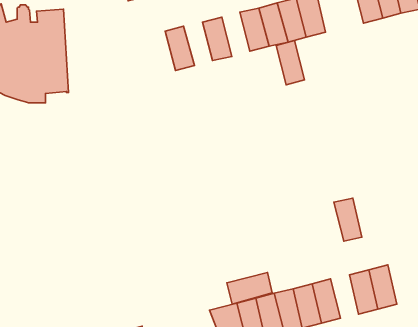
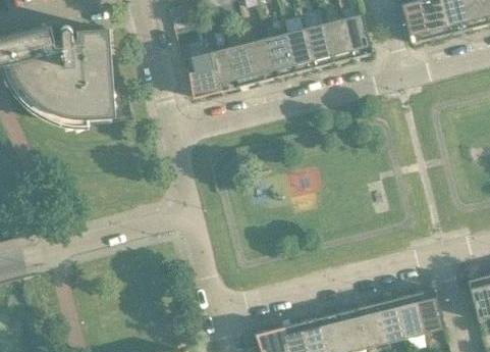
building: none -> [228,42,258,86]
building: none -> [188,51,220,97]
building: [276,41,304,85] -> [267,32,295,77]
building: [334,198,362,241] -> [377,298,405,342]
building: [227,272,272,304] -> none

